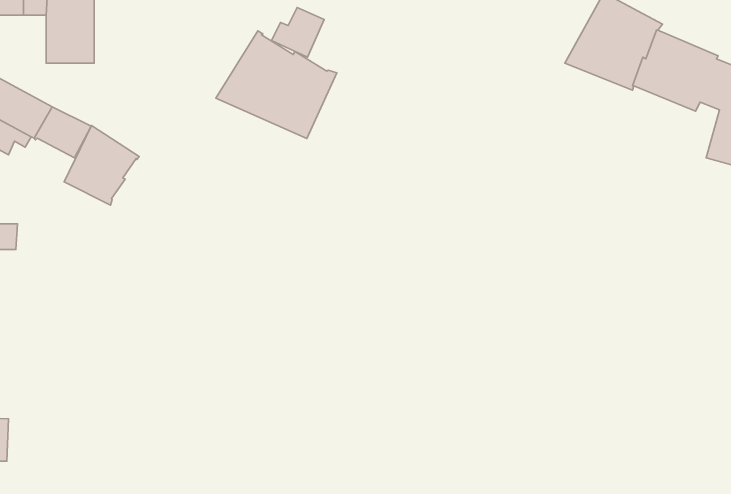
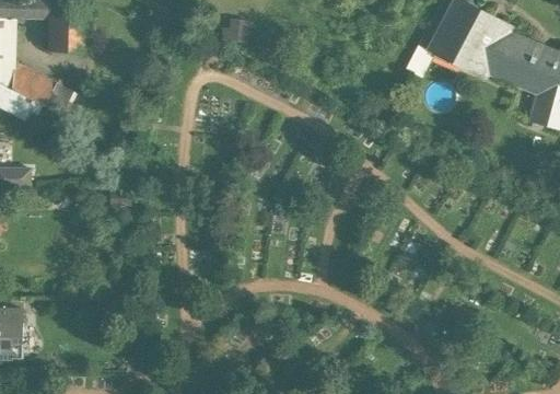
building: [216,31,337,139] -> none
building: [64,125,139,205] -> none

